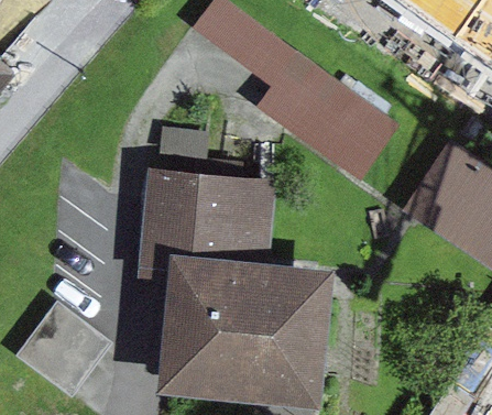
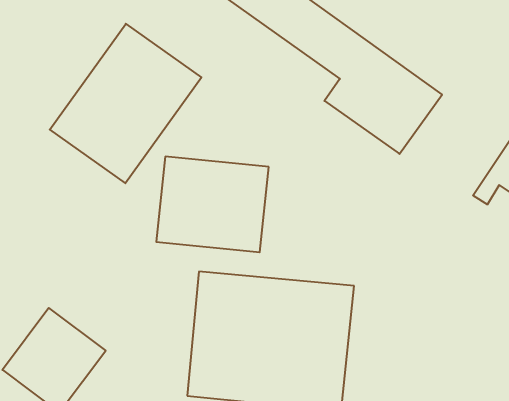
building: none -> [50,24,201,183]

